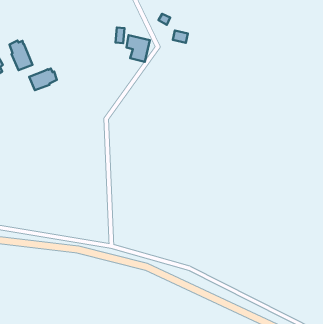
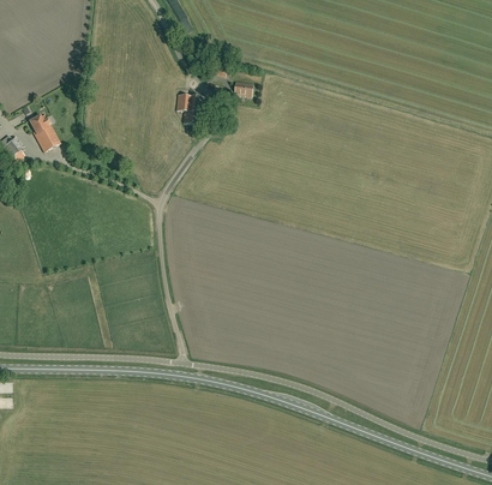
building: [29,69,57,90] -> none

